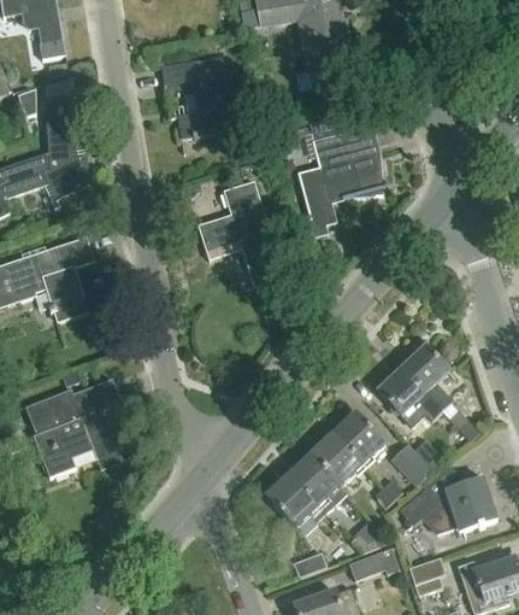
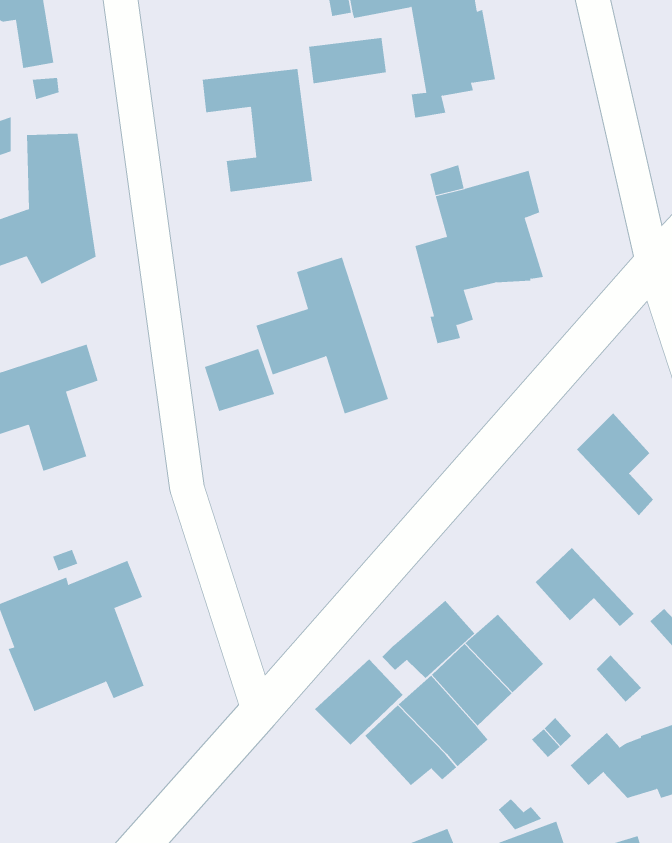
building: none -> [308,37,387,84]
building: none -> [204,348,275,412]
building: [401,345,452,412] -> [576,413,654,516]
building: none -> [382,600,475,679]
building: none -> [314,658,403,746]
building: [393,446,434,486] -> none

